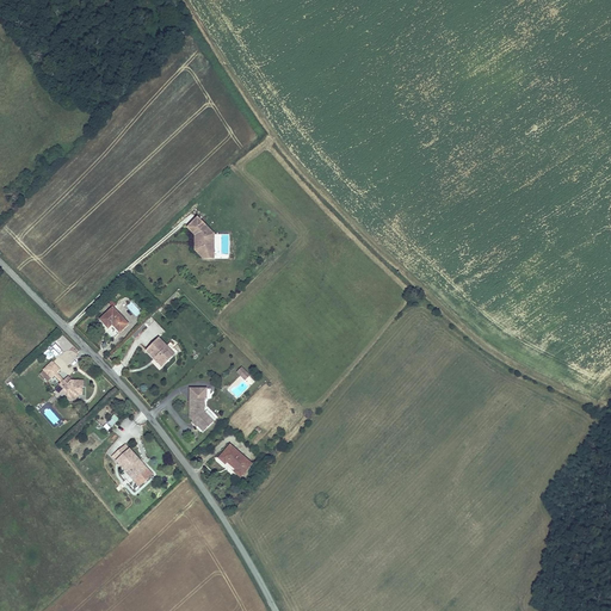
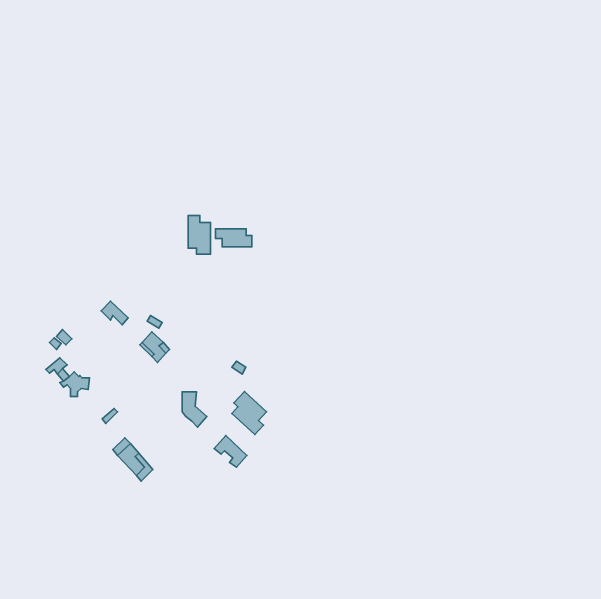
building: none -> [215,229,252,247]
building: none -> [232,391,267,435]

